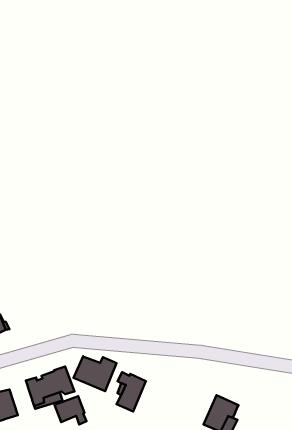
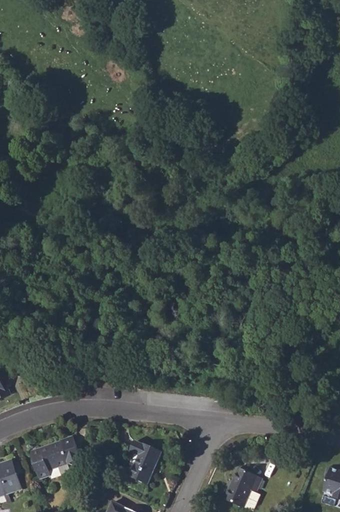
building: [74,356,117,391] -> none
building: [54,396,86,425] -> none

